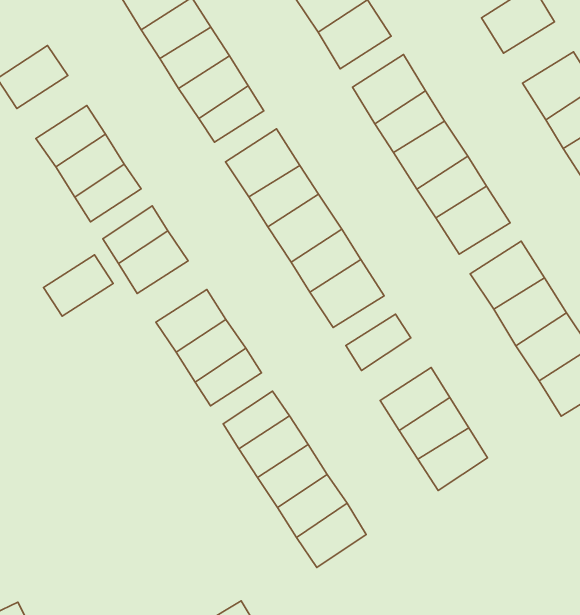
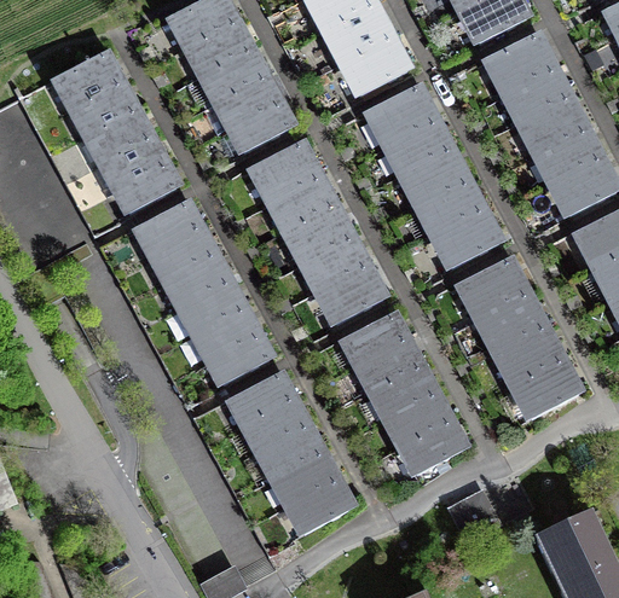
building: none -> [504,69,566,121]
building: none -> [71,82,133,135]
building: [44,255,113,316] -> [164,254,226,306]
building: none -> [357,337,418,390]

